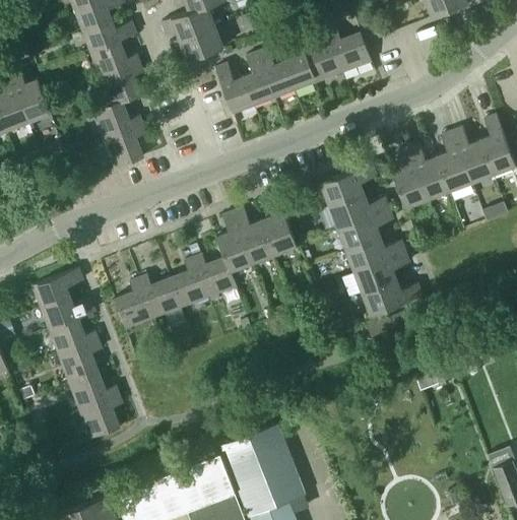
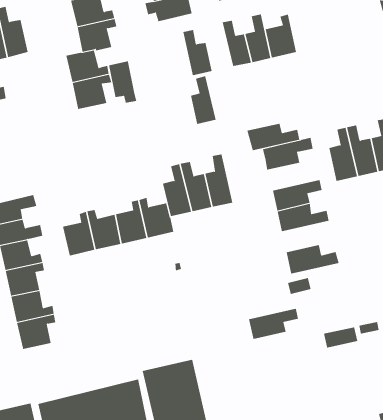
building: [328,29,372,73] -> none
building: [243,52,275,107] -> [190,75,217,124]
building: none -> [108,61,137,104]
building: [328,193,388,228] -> [247,123,300,151]
building: [353,252,408,292] -> [248,308,299,339]

